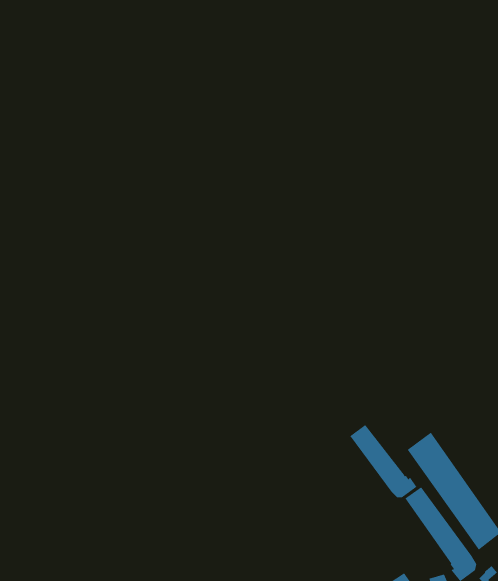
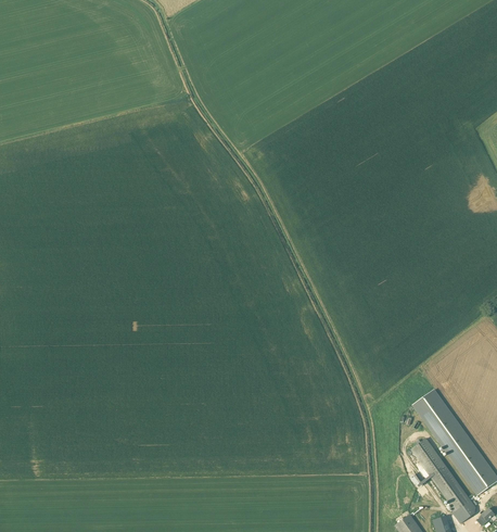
building: [350,424,417,498] -> none

